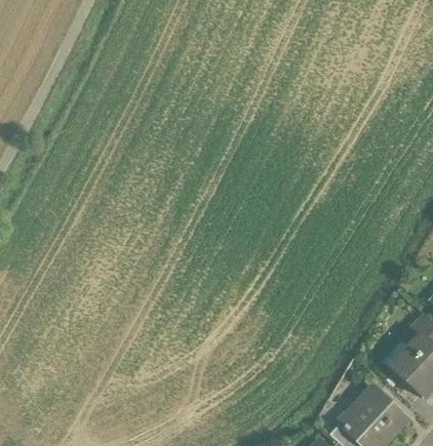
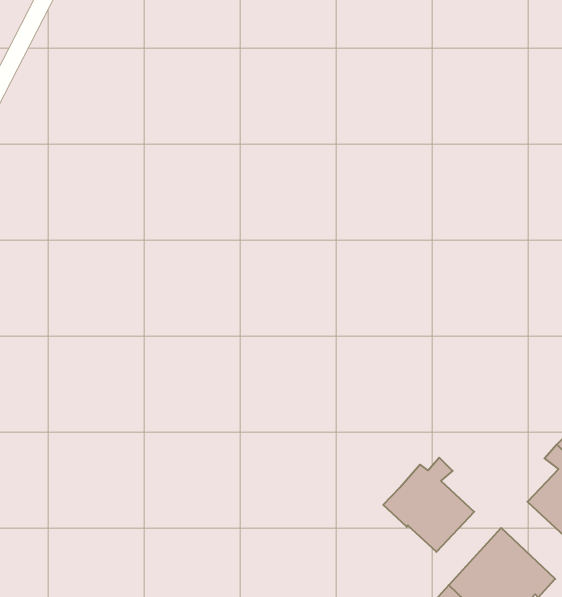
building: none -> [383,458,474,552]

